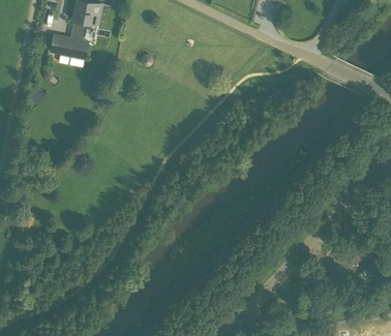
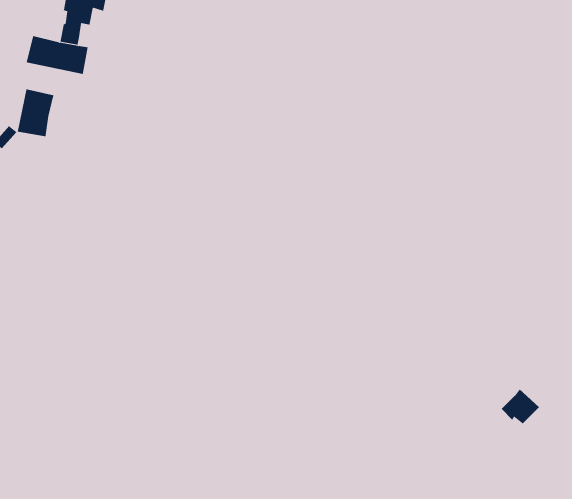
building: none -> [17,89,54,137]

